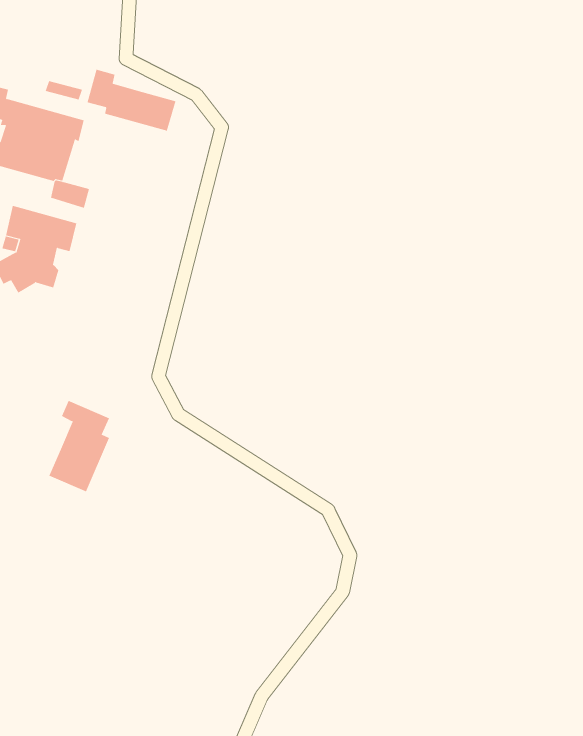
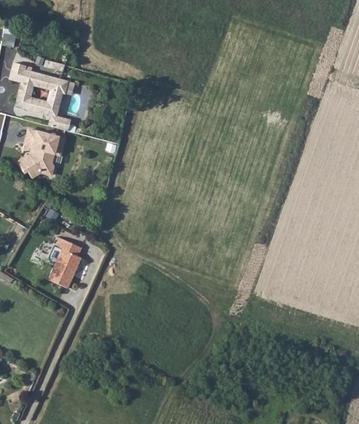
building: [87,69,176,131] -> none

